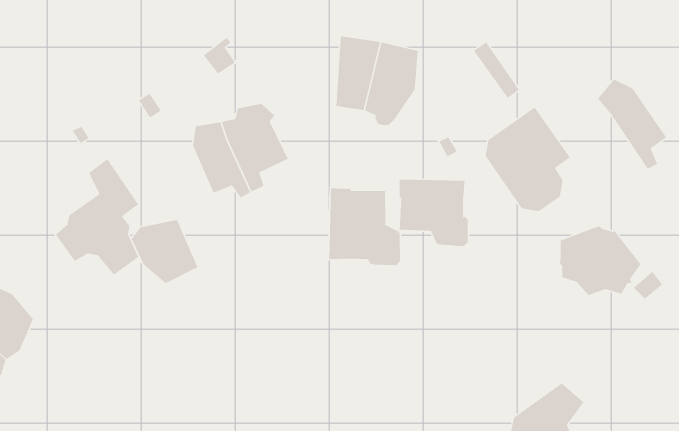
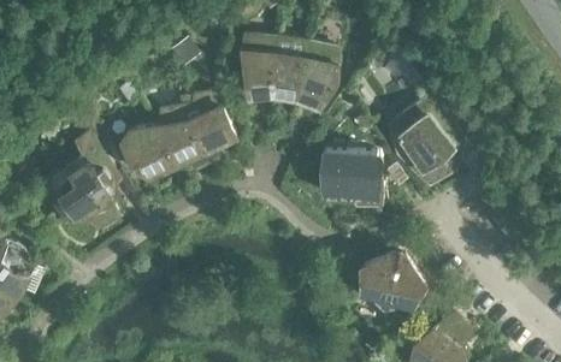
building: none -> [241,36,276,97]
building: [597,79,667,170] -> none
building: [328,188,401,266] -> none
building: [131,219,199,284] -> [120,126,175,178]
building: [558,225,641,296] -> [359,254,425,310]

